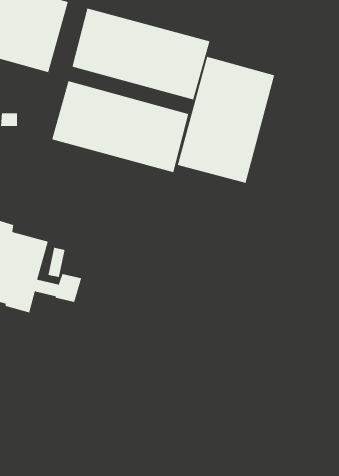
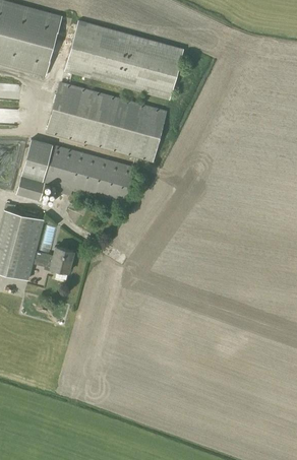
building: [177,56,275,184] -> none
building: none -> [17,138,135,204]

